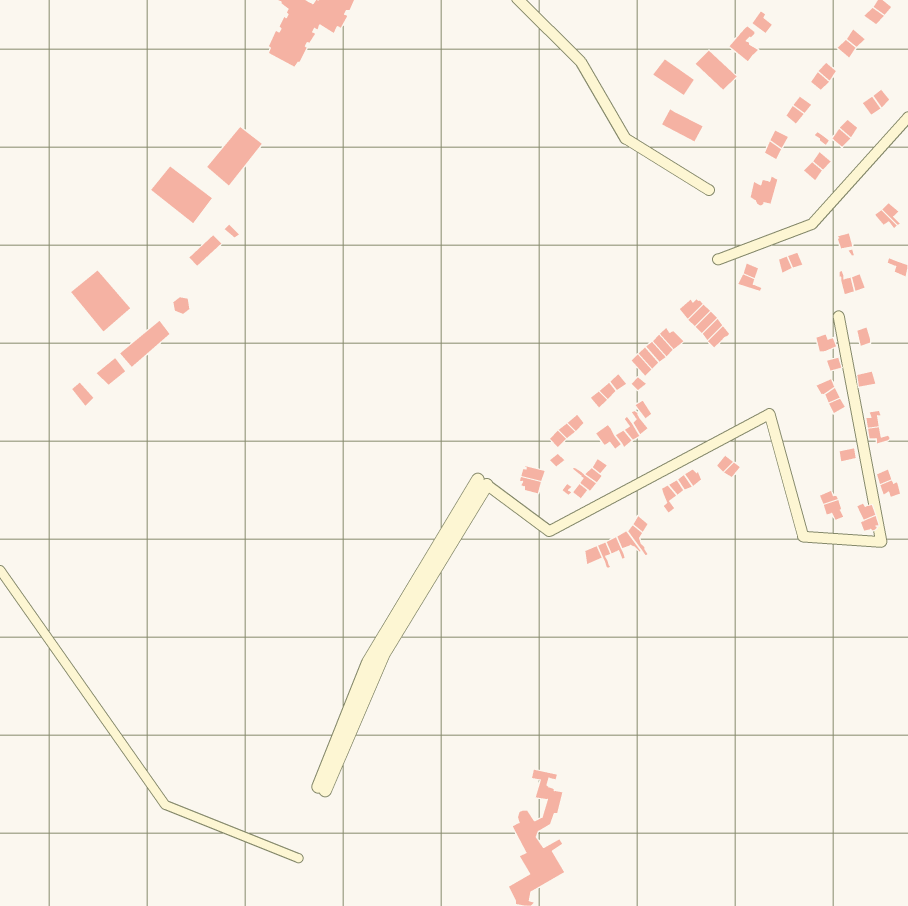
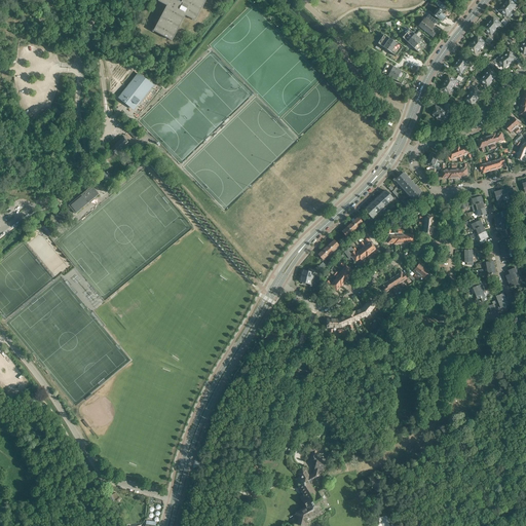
building: [150,166,213,224] -> none
building: [70,270,131,332] -> none

